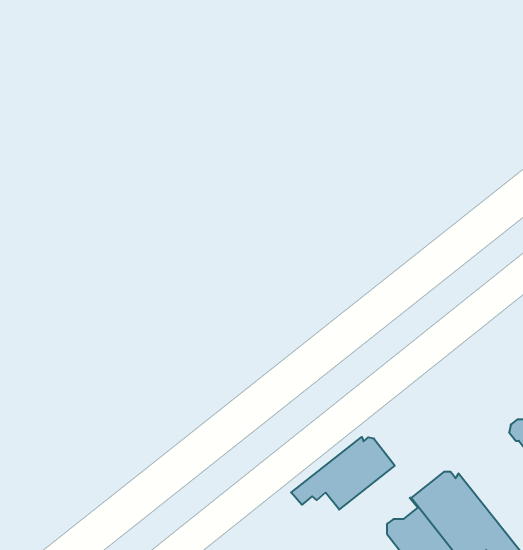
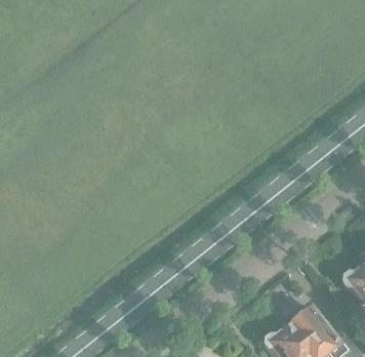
building: [291,437,395,510] -> none

